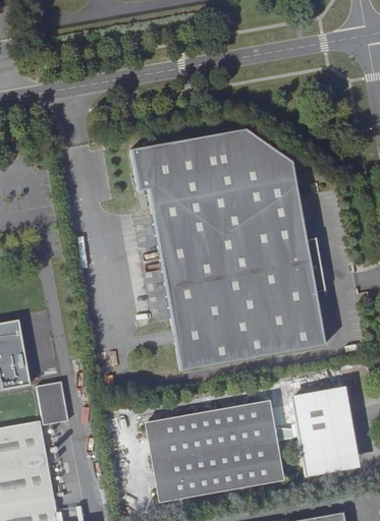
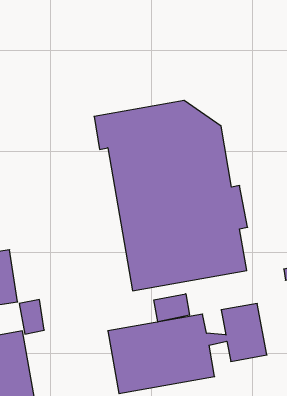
building: none -> [154,294,189,322]
building: [305,452,352,475] -> none

